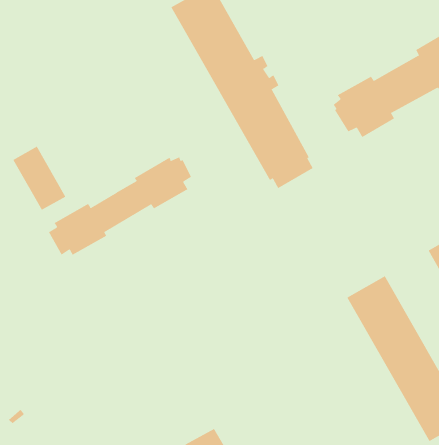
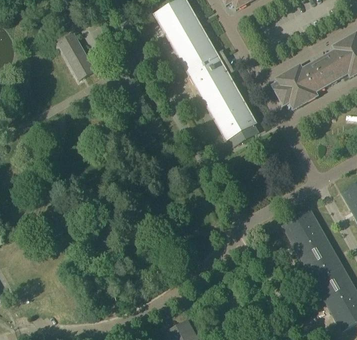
building: [13,146,66,211] -> [57,33,96,80]
building: [48,157,192,256] -> none

